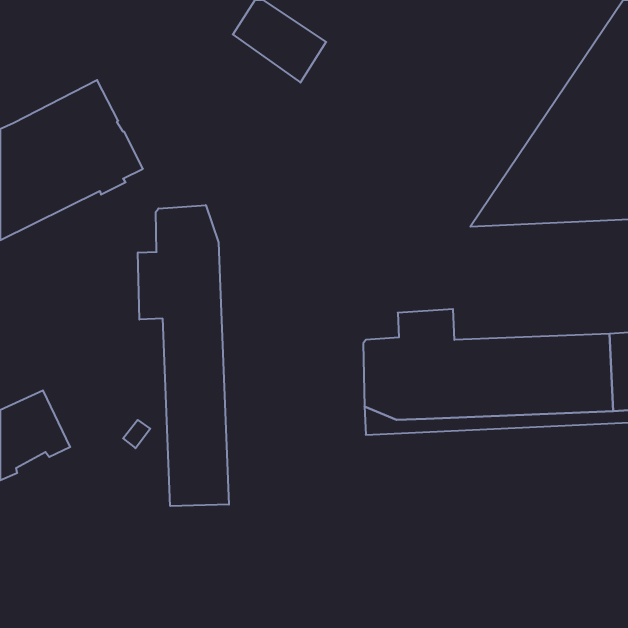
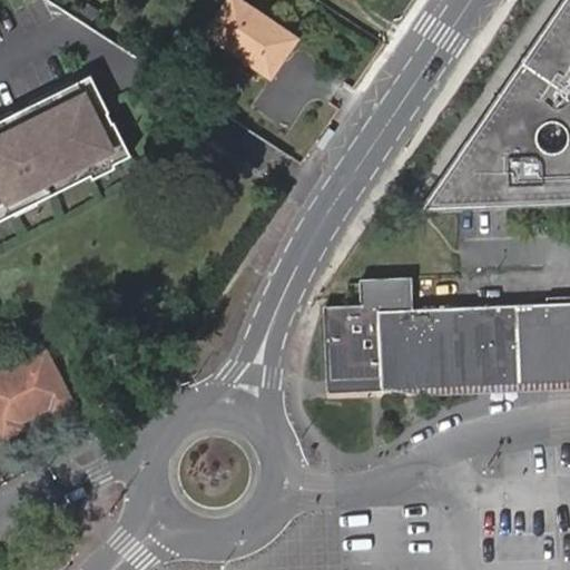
building: [138,205,229,506] -> none

